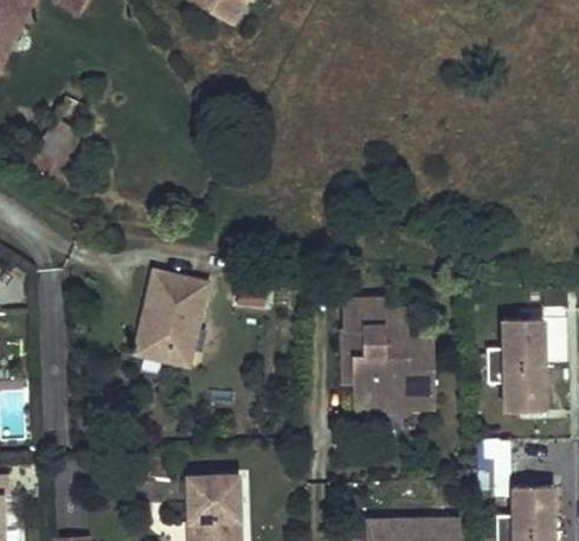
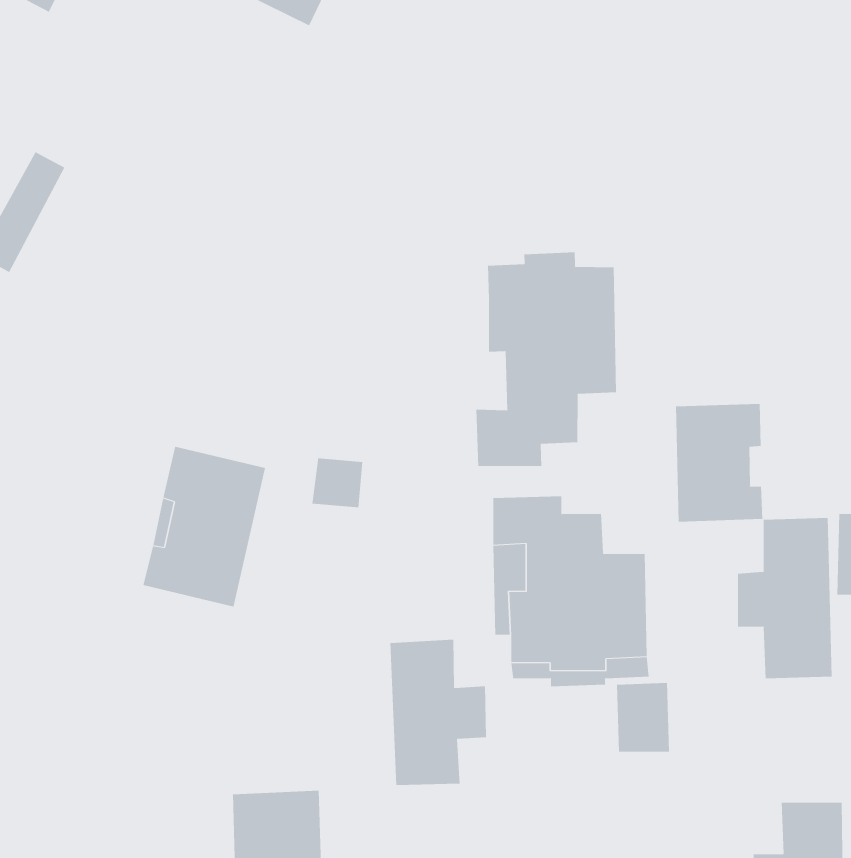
building: none -> [476,252,617,467]
building: none -> [675,403,763,523]
building: none -> [390,639,486,786]
building: [478,437,510,478] -> [616,682,670,752]

